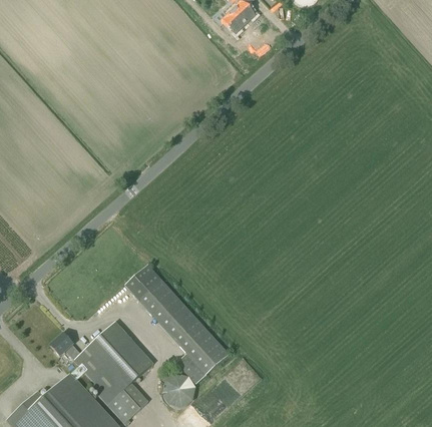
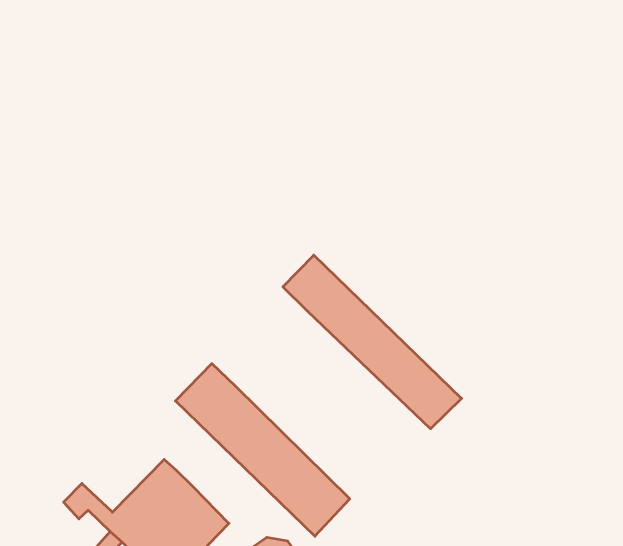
building: none -> [283,255,462,429]

